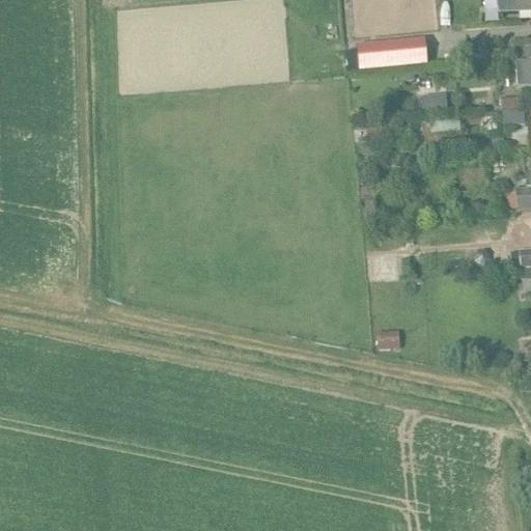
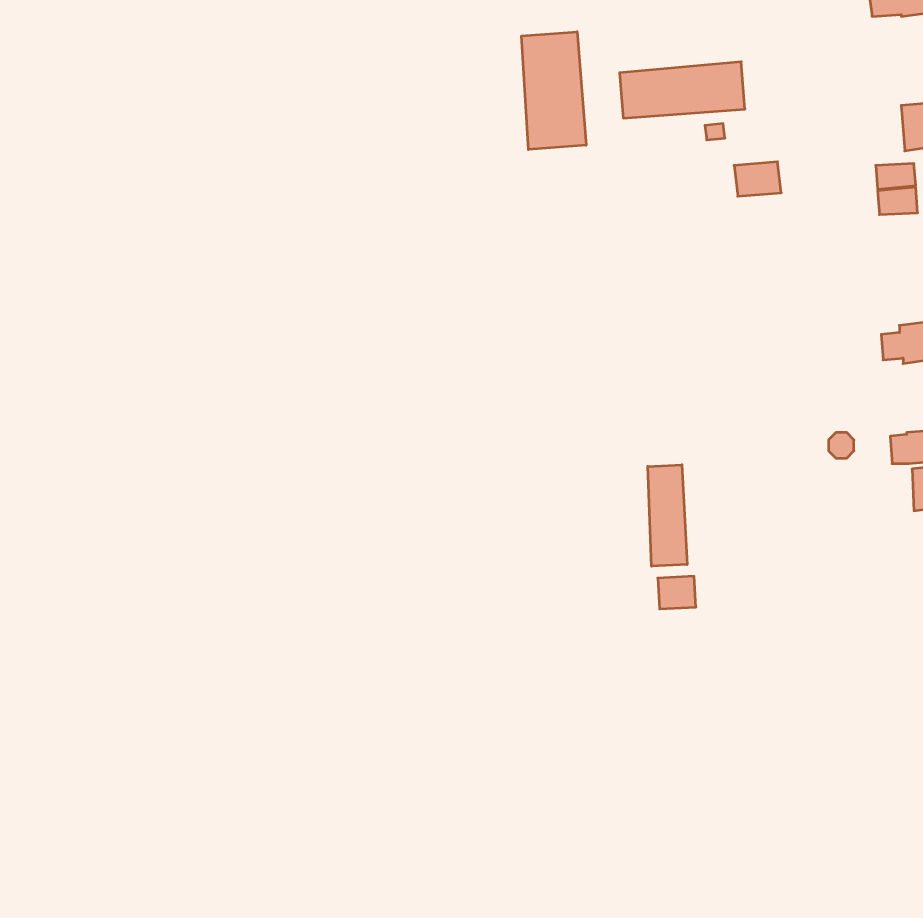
building: none -> [522,32,586,150]
building: none -> [648,465,687,566]

